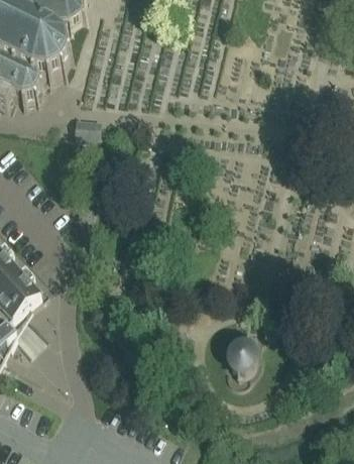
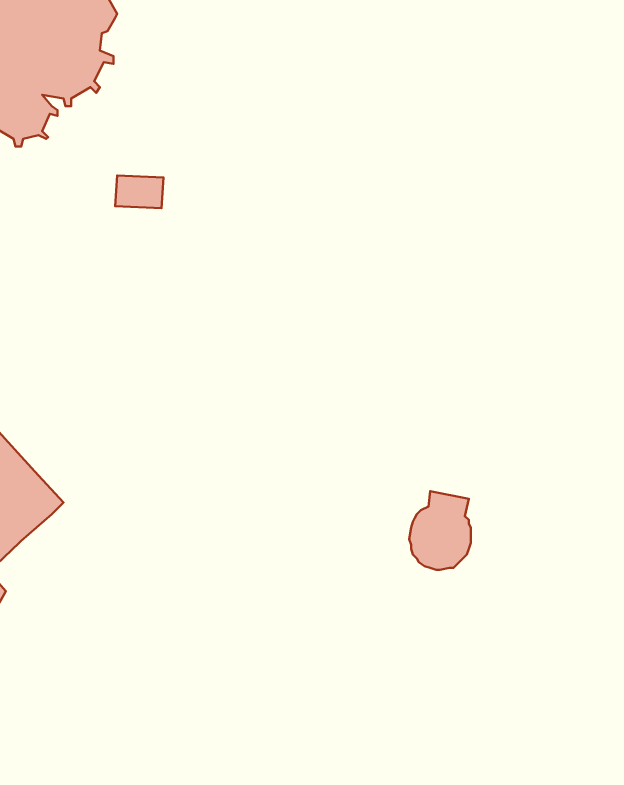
building: [221,338,253,379] -> [409,491,471,570]

